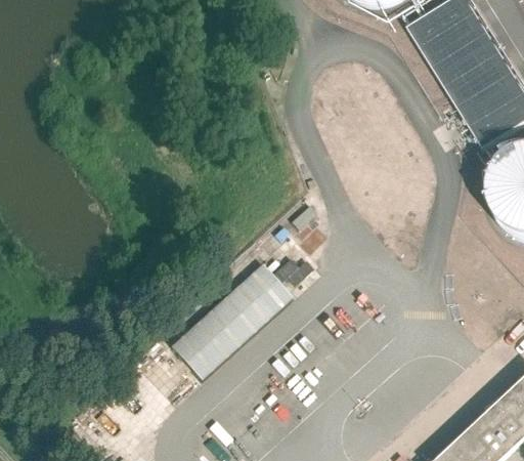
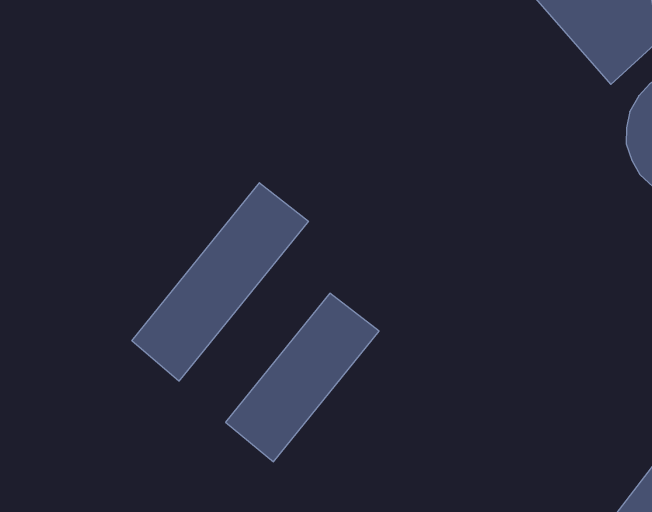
building: none -> [132,183,308,381]

